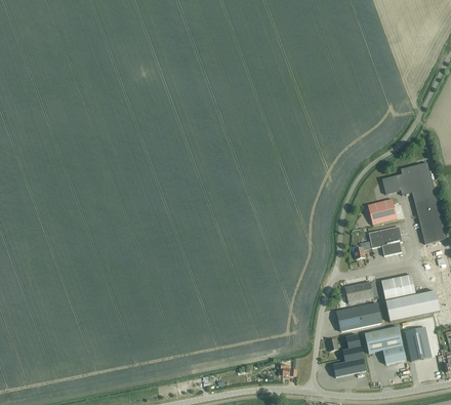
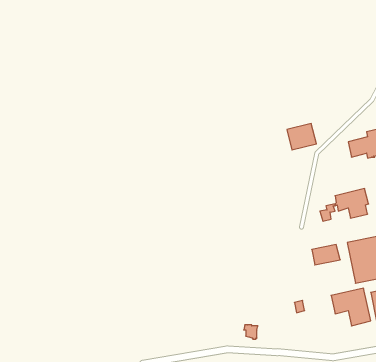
building: [368,198,398,225] -> [287,124,316,150]
building: [337,302,381,331] -> none
building: [333,334,366,377] -> none

